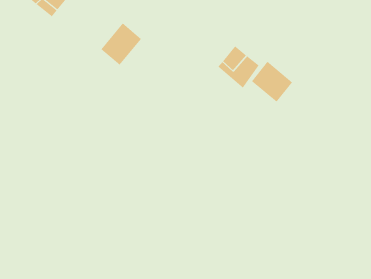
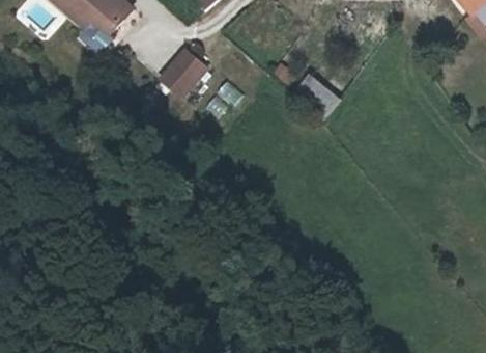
building: [251,61,293,103] -> none

